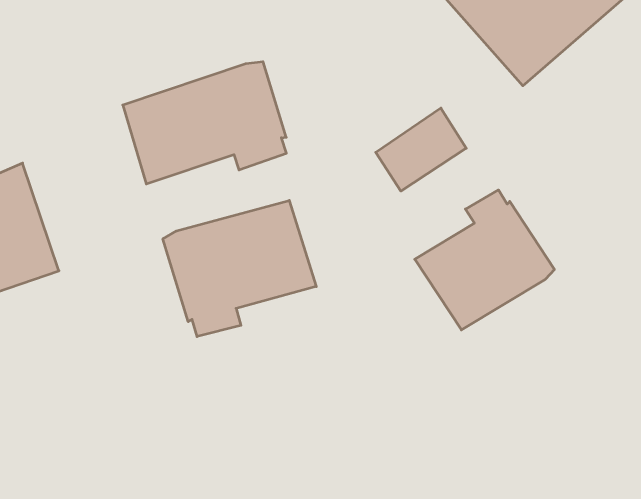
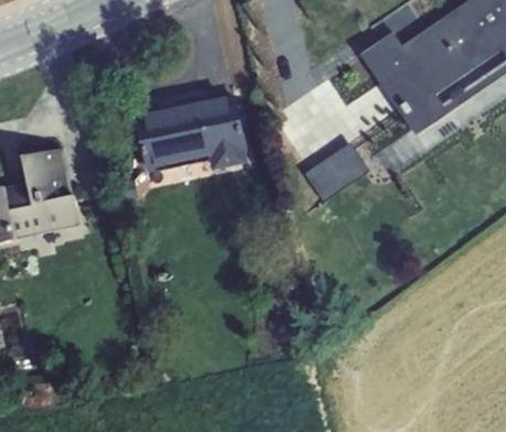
building: [415,190,554,330] -> none
building: [163,200,316,337] -> none

